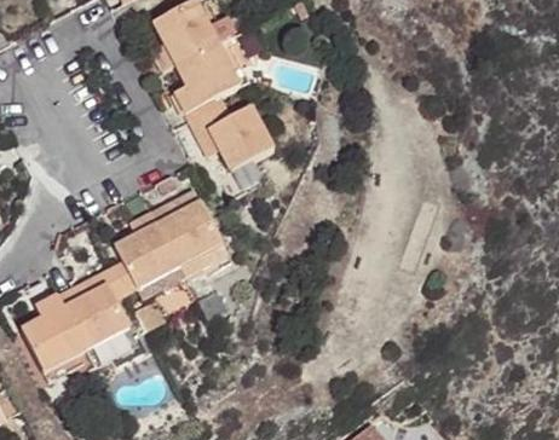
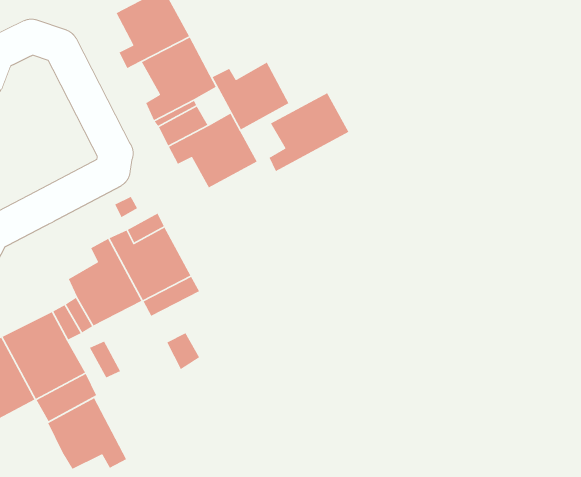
building: none -> [212,62,290,130]
building: none -> [269,92,349,172]
building: none -> [47,397,127,470]

